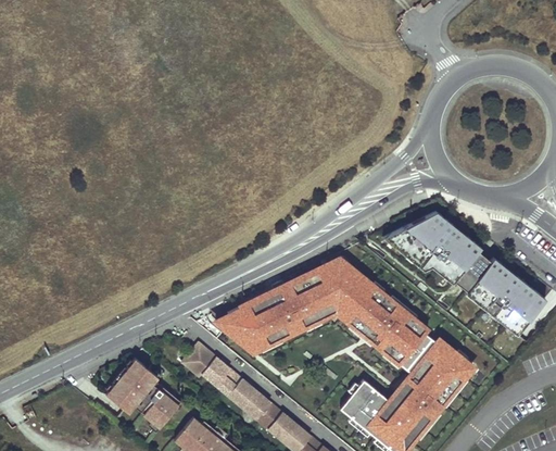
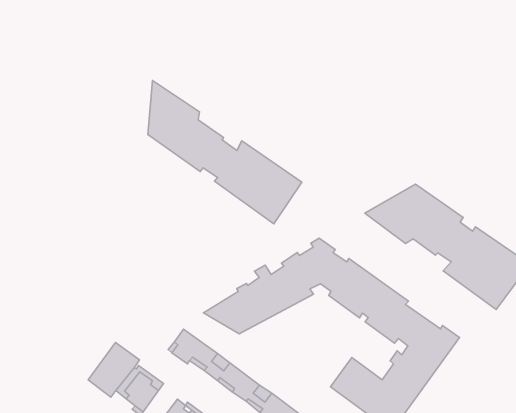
building: none -> [148,81,302,224]

